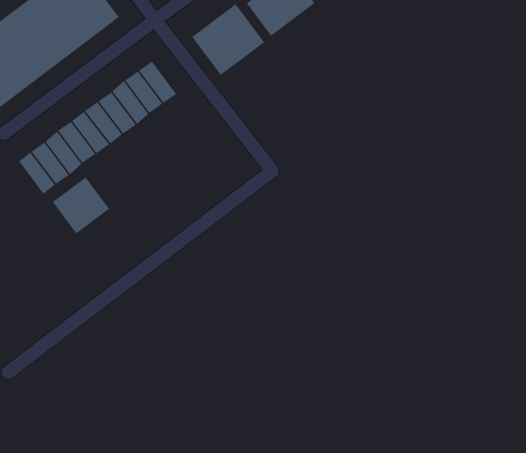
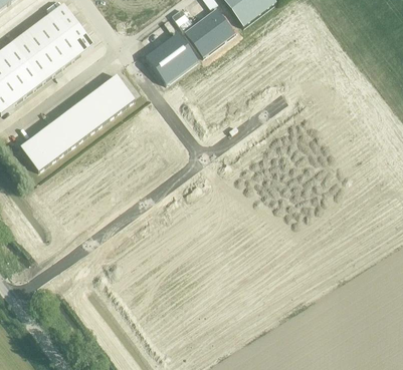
building: [52,176,110,234] -> none

